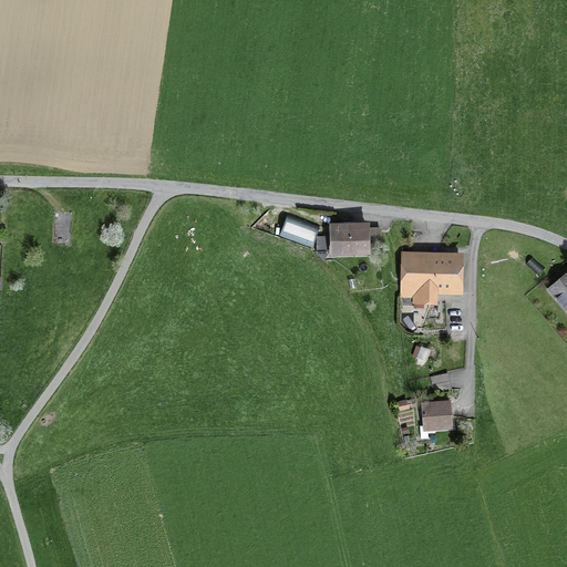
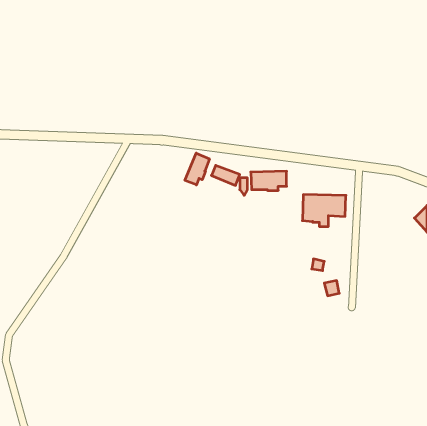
building: none -> [185,153,209,185]
building: [423,401,452,427] -> none

